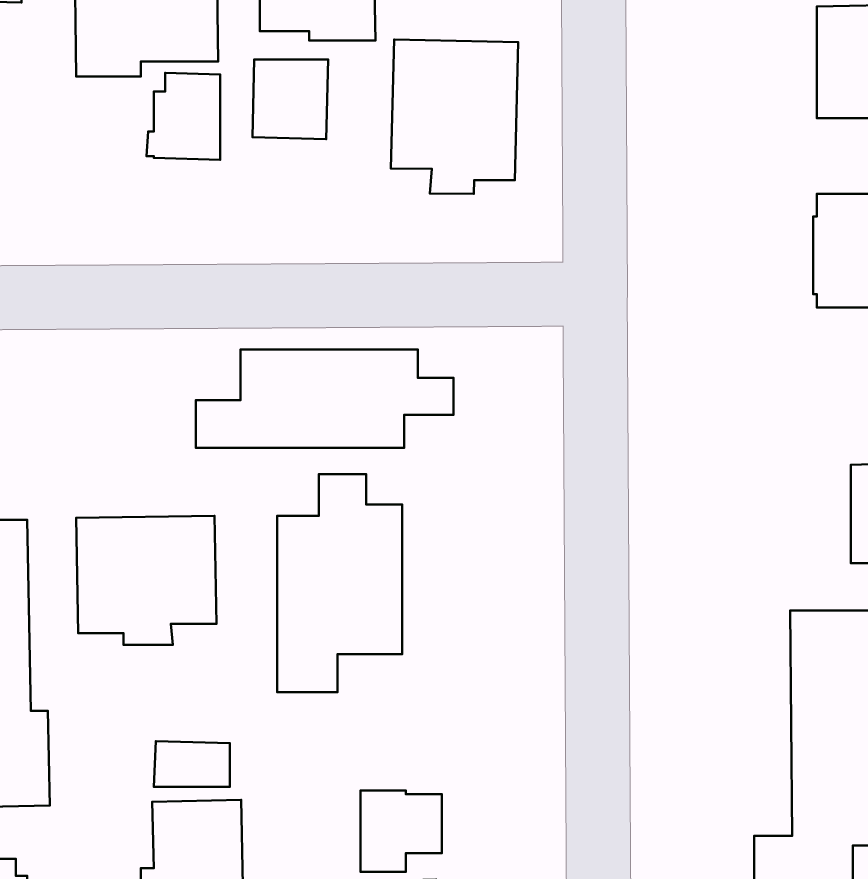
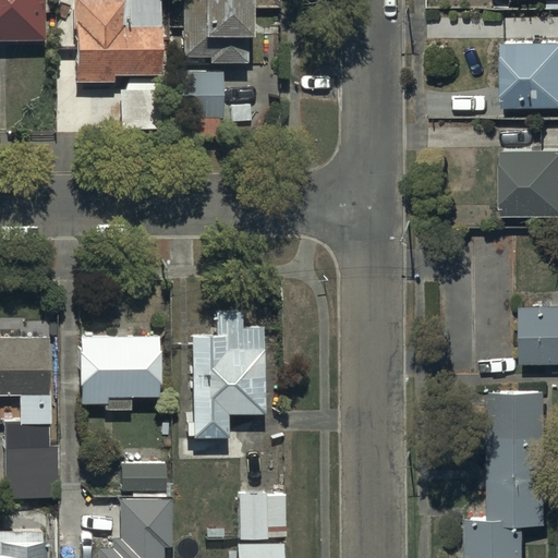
building: [391,40,518,194] -> none
building: [196,349,454,448] -> none

